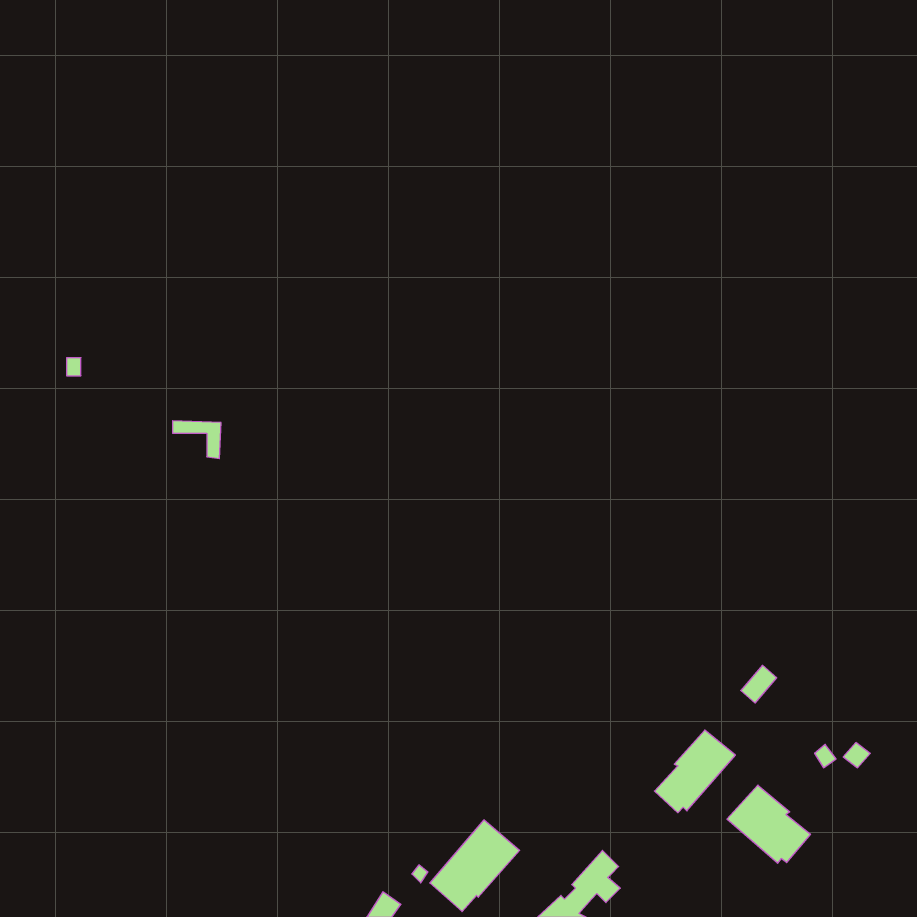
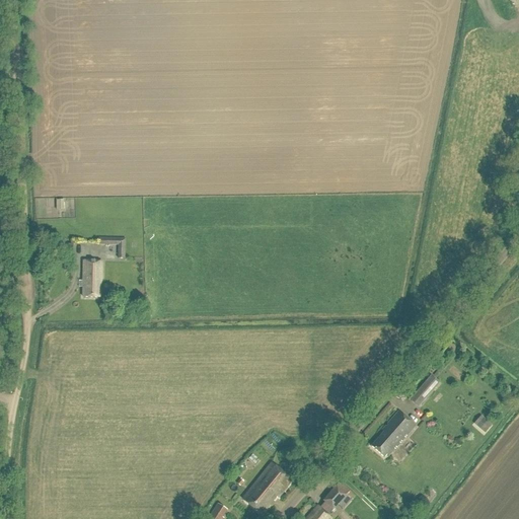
building: none -> [82,260,100,298]
building: [727,785,810,863] -> none

